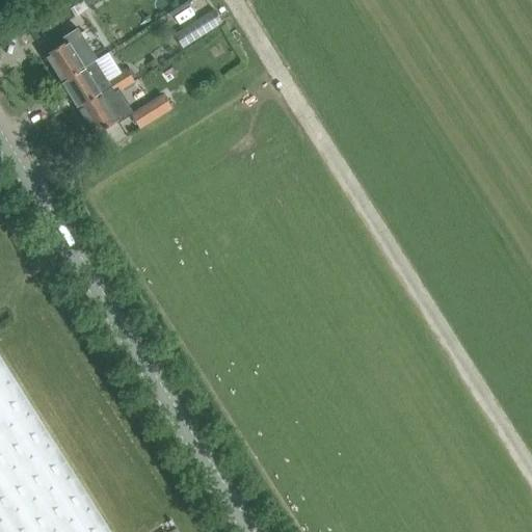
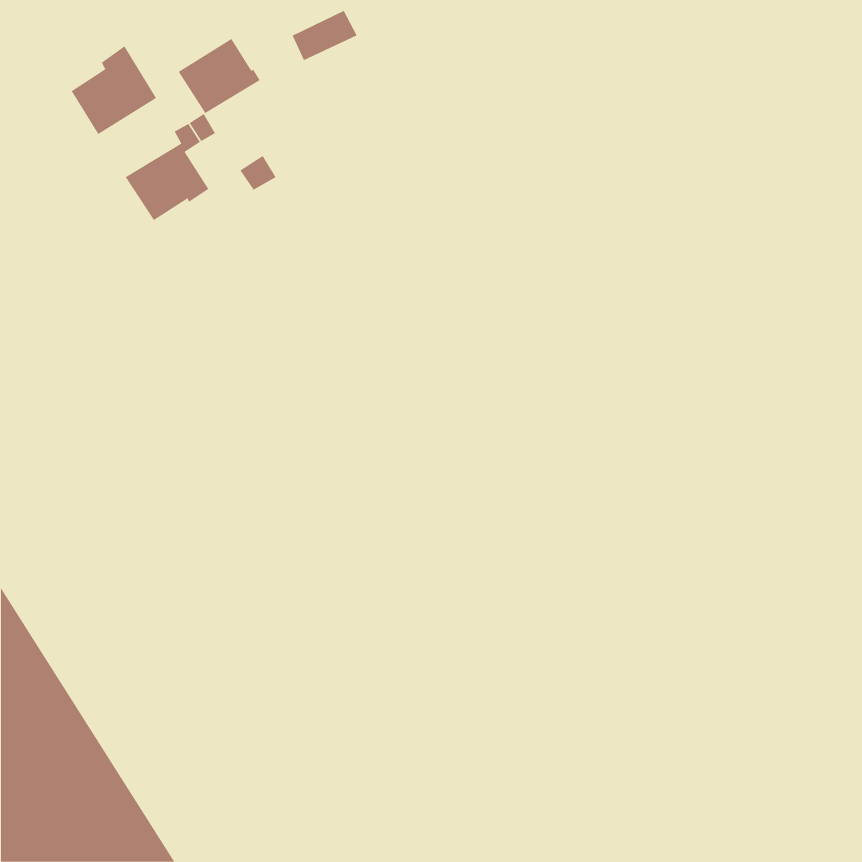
building: [60,62,111,109] -> [178,38,260,114]

